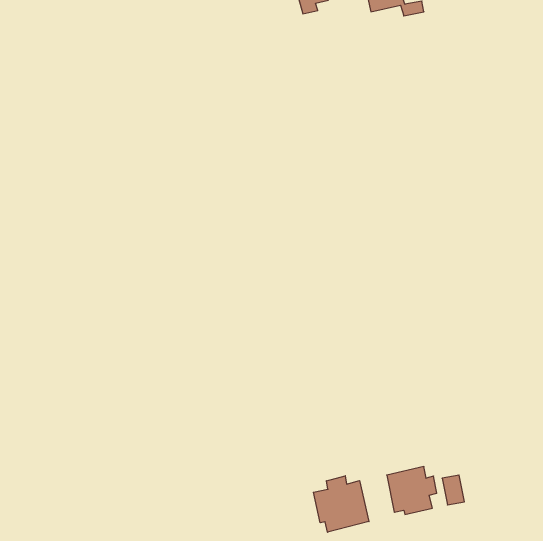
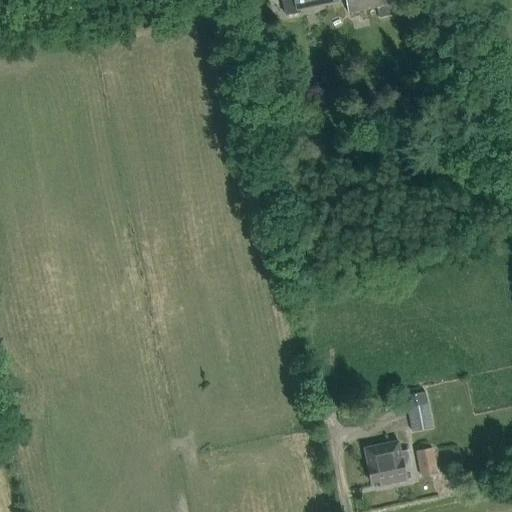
building: none -> [408,402,433,430]
building: [313,476,369,532] -> none

